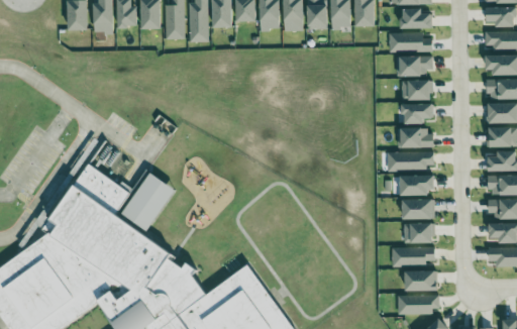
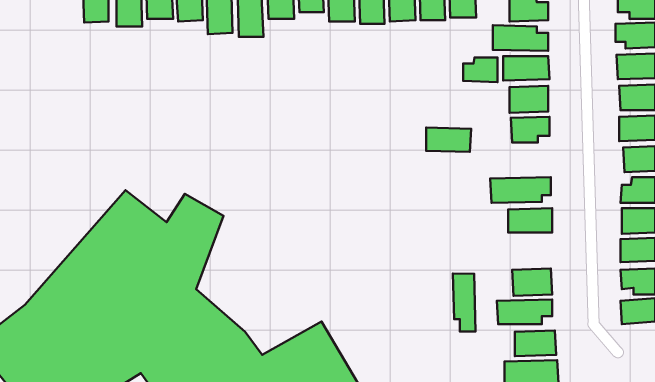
building: none -> [463,58,497,82]
building: [398,129,433,148] -> [426,128,471,152]
building: [402,200,434,220] -> none
building: none -> [453,274,476,331]

